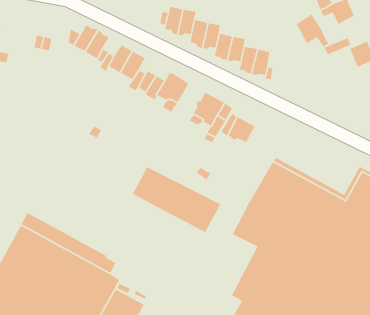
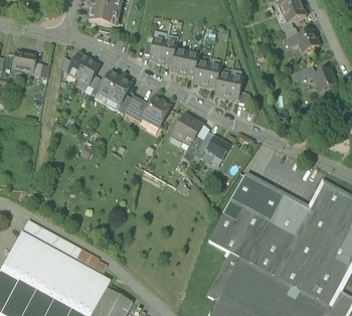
building: [296,14,330,47] -> none
building: none -> [12,52,34,76]
building: [132,166,221,233] -> none

